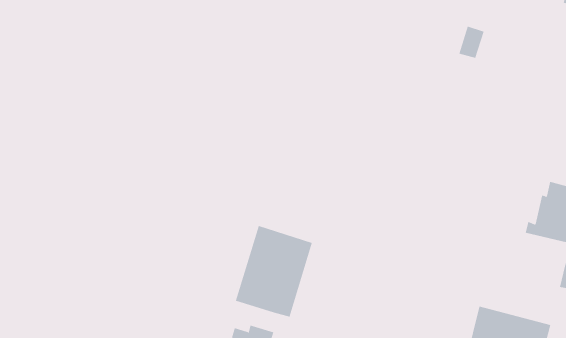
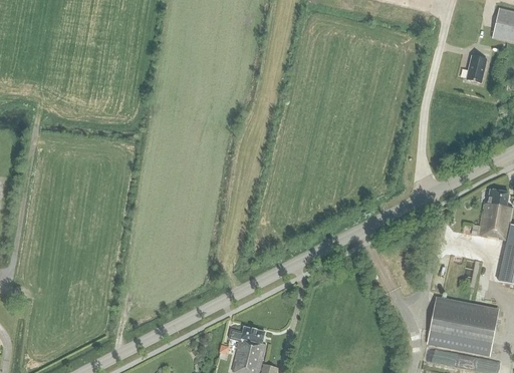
building: [458,26,485,58] -> [465,55,486,82]
building: [235,225,312,318] -> none

